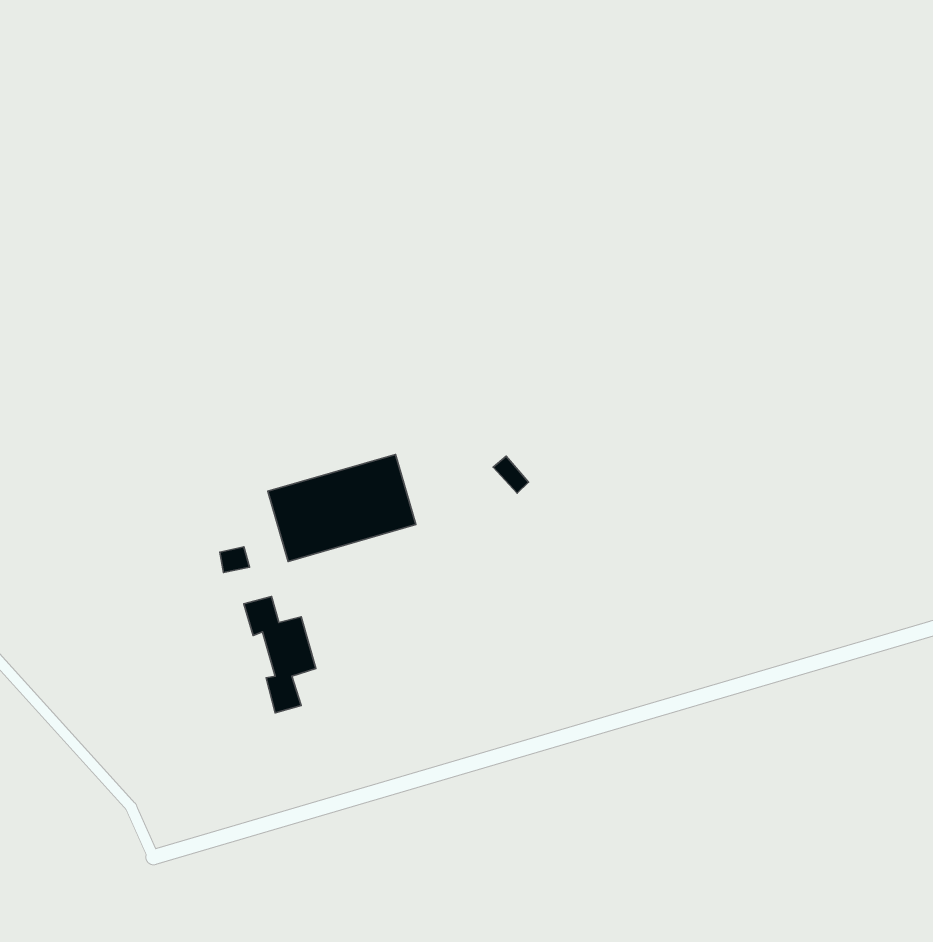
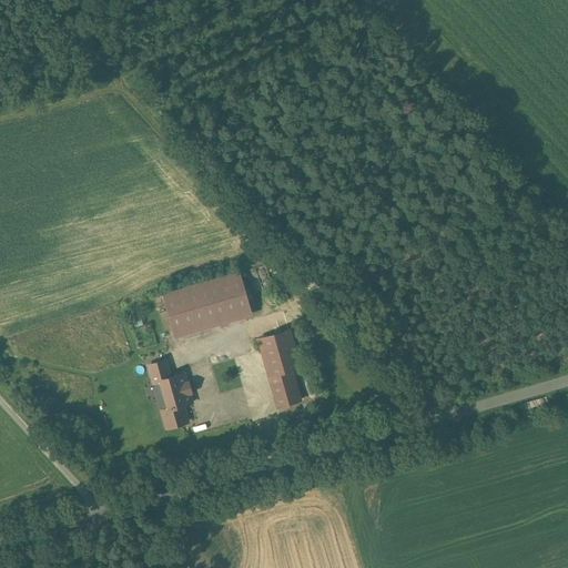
building: none -> [256,327,300,409]

